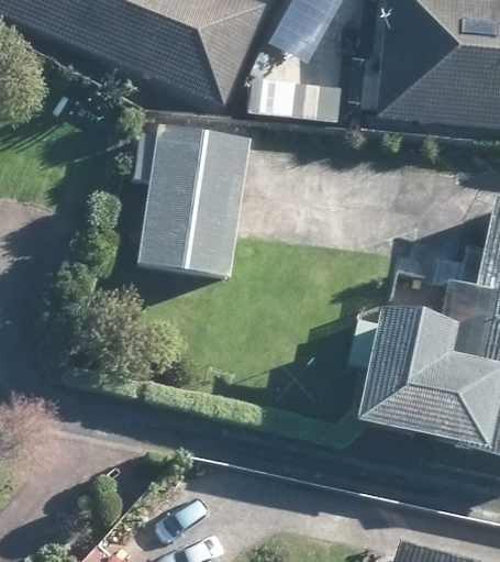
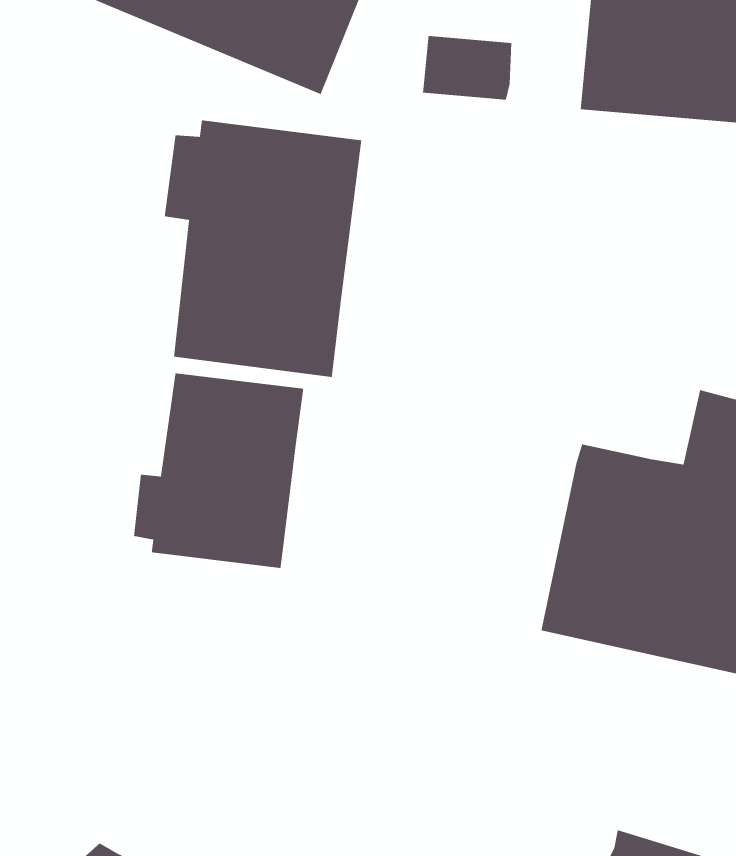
building: none -> [133,372,304,569]

